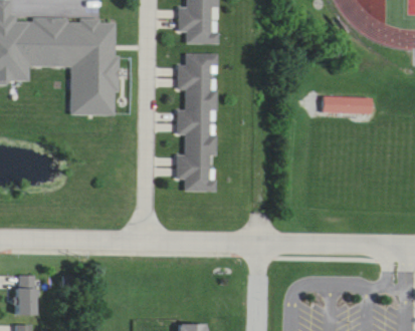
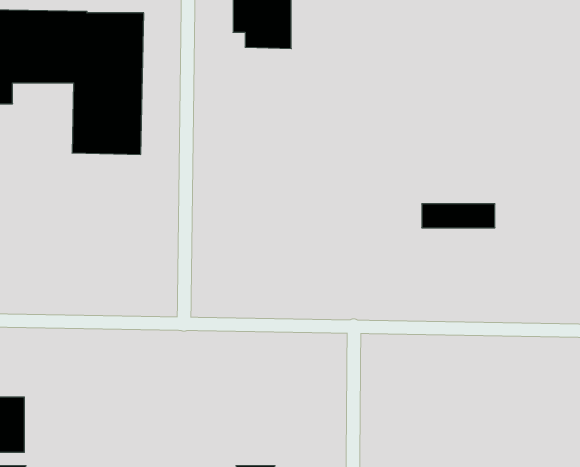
building: [176,54,218,193] -> none
building: [325,97,374,113] -> [422,204,495,228]

